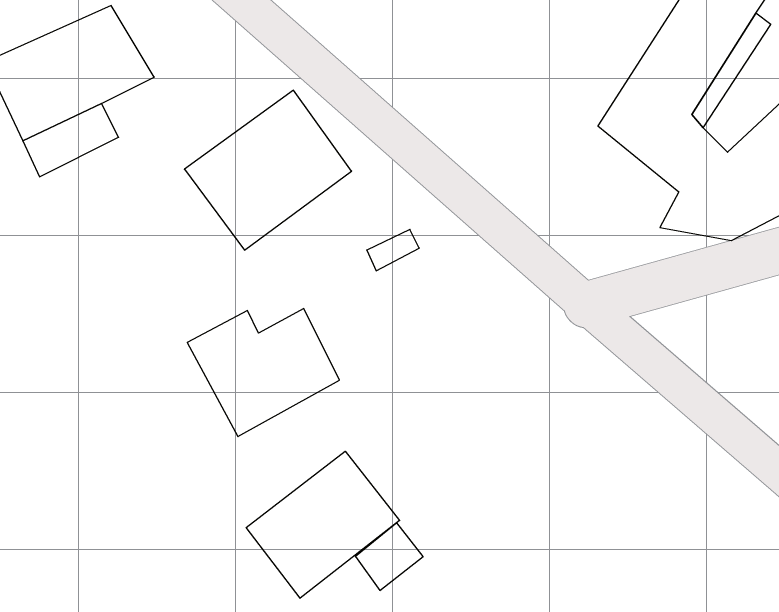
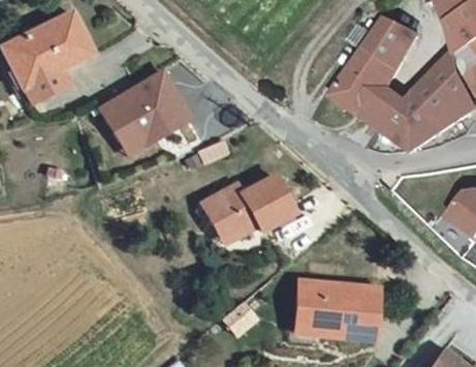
building: [187,309,339,437] -> [208,167,291,238]
building: [246,451,400,598] -> none
building: none -> [292,273,385,335]

